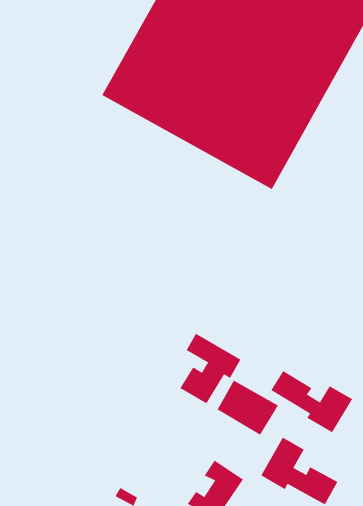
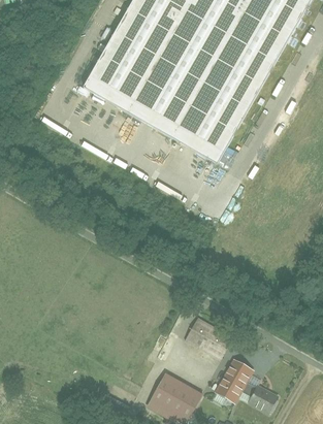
building: [179,333,241,404] -> none
building: [271,370,353,433] -> none

